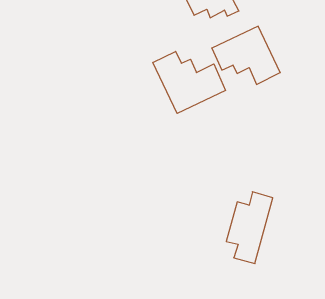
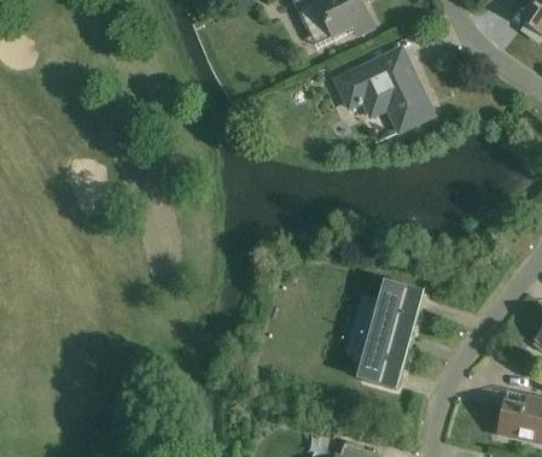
building: [153,51,226,113] -> none

